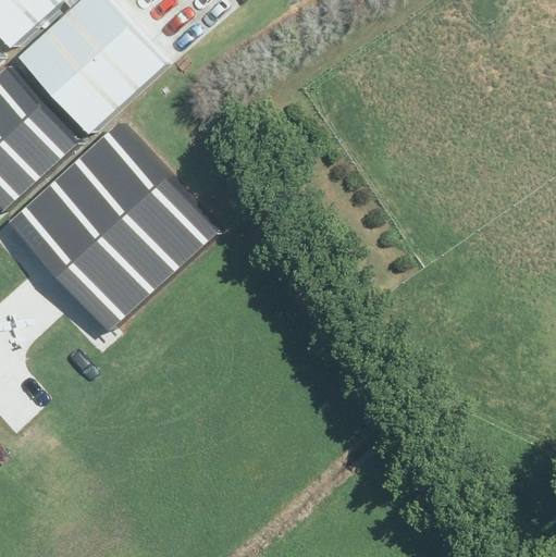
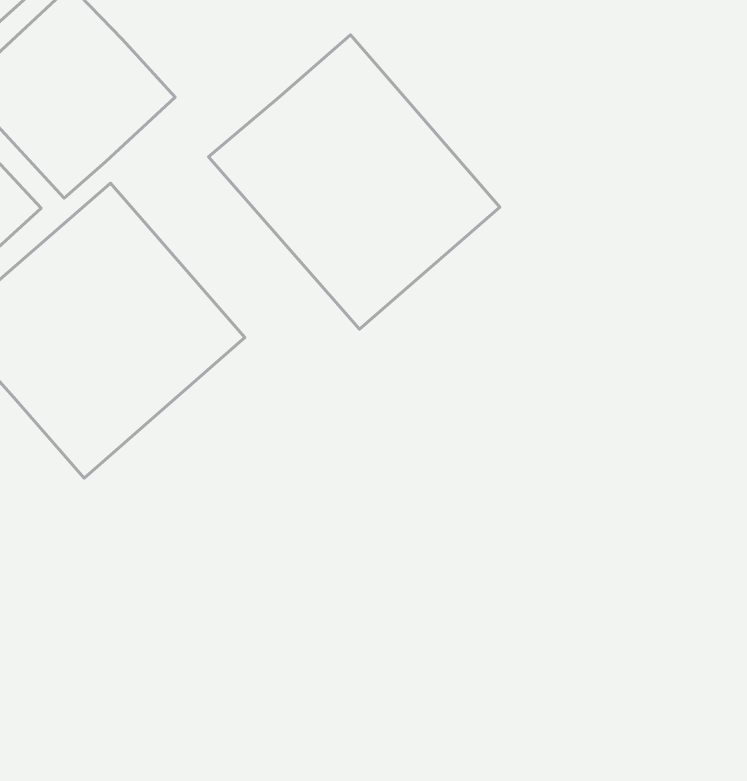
building: none -> [209,35,500,329]

